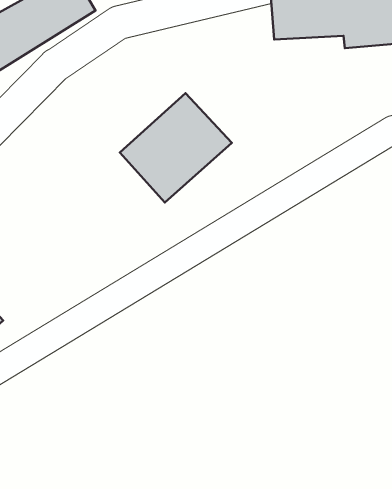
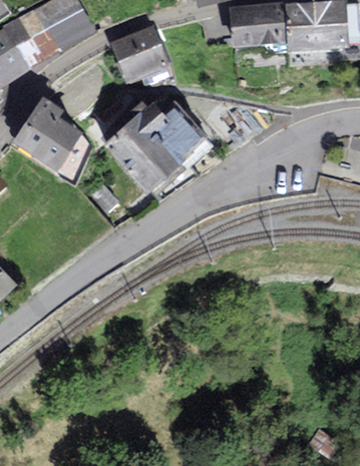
building: none -> [115,27,165,77]
building: none -> [20,97,82,164]

